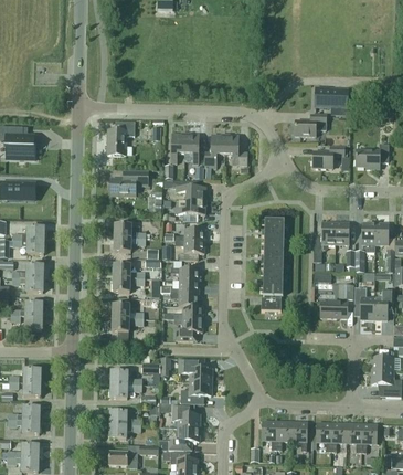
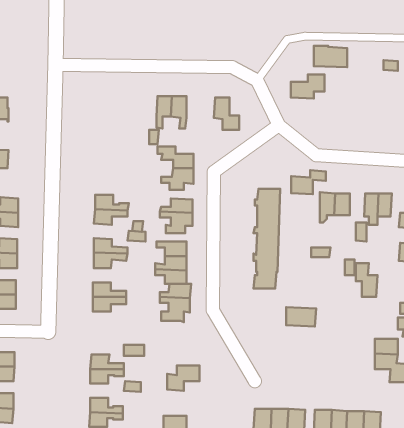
building: [106,122,134,155] -> none
building: [203,135,224,168] -> none
building: [354,144,388,169] -> none
building: [311,146,343,168] -> [291,170,326,194]
building: [110,171,147,196] -> none
building: [372,288,393,319] -> none
building: [319,300,347,318] -> [286,307,316,327]
building: [178,359,210,381] -> none
building: [171,404,198,428] -> none

